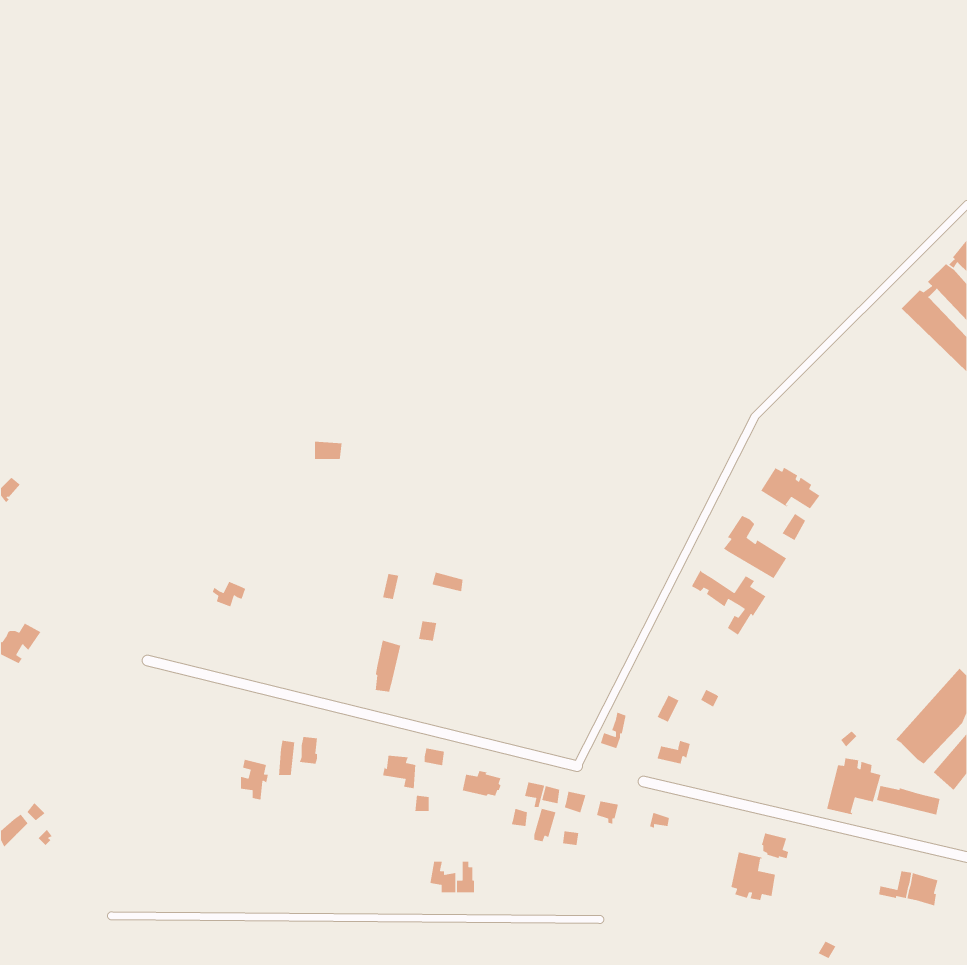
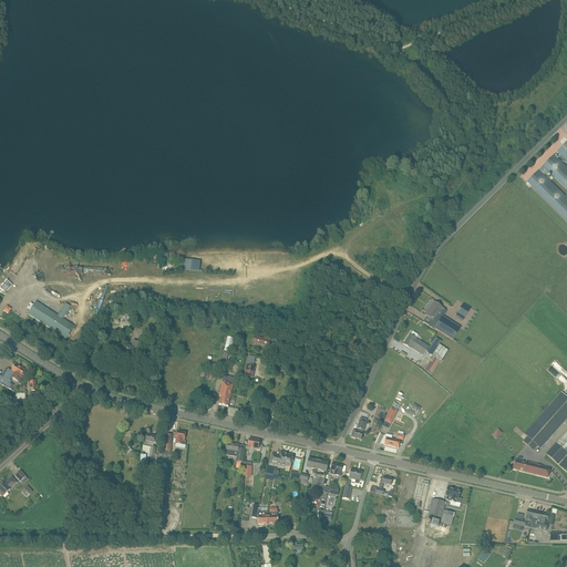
building: [760,466,820,509] -> none
building: none -> [28,300,74,338]
building: [826,758,881,815] -> none

